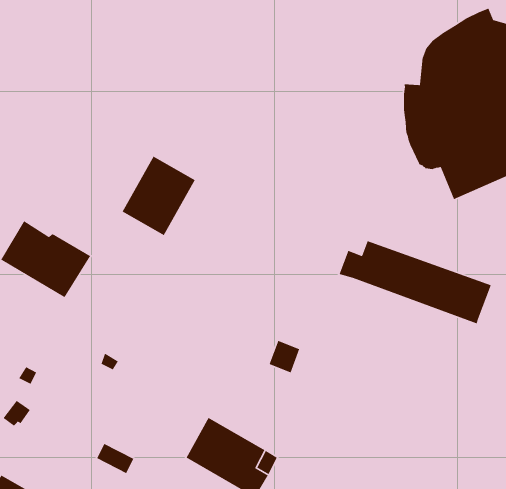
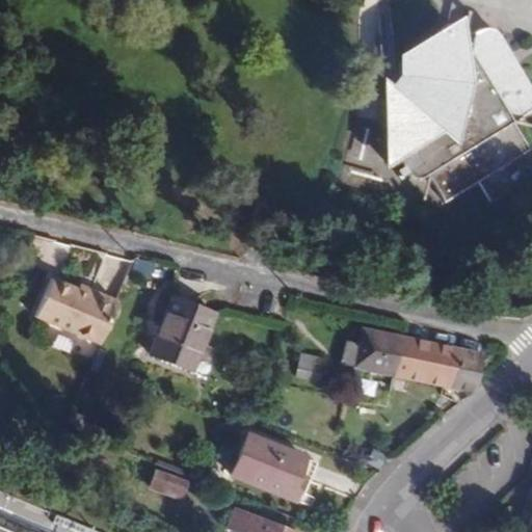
building: [121,156,196,236] -> [151,295,215,368]
building: [339,240,492,325] -> [341,328,483,392]

